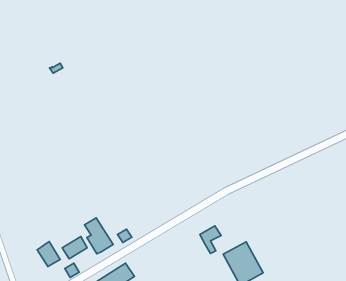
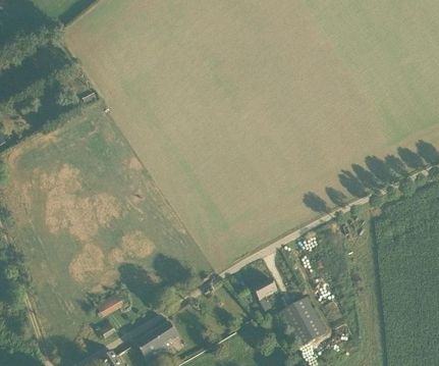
building: [84,218,113,254] -> none
building: [37,242,60,266] -> none

